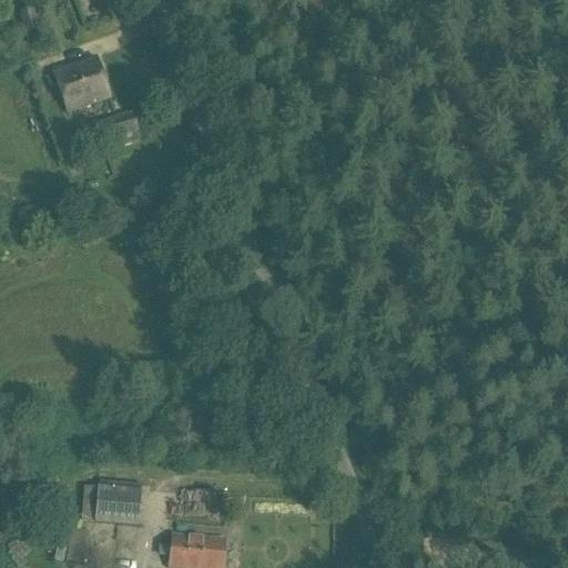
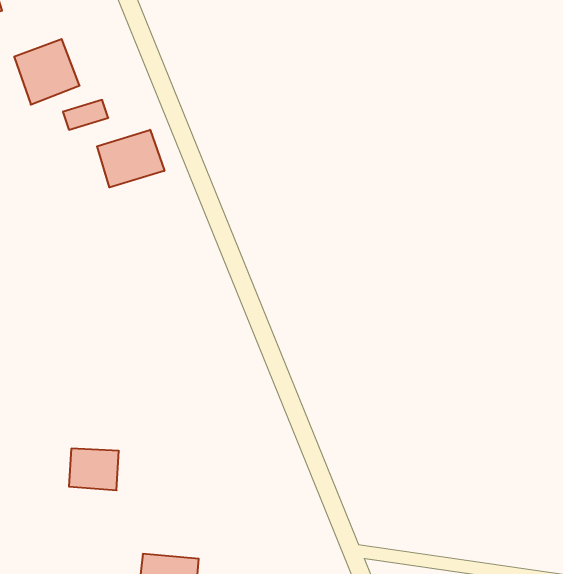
building: none -> [97,130,164,187]
building: [94,488,141,527] -> [69,449,119,490]

